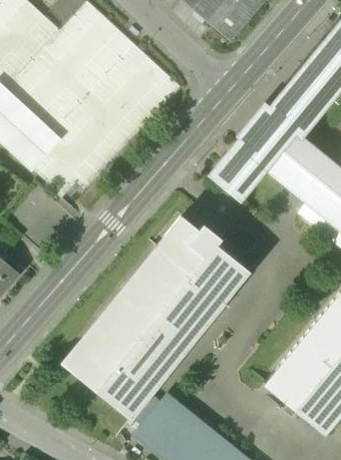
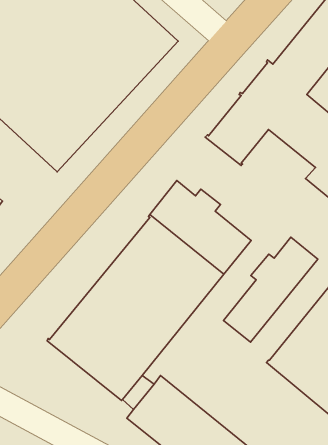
building: none -> [224,237,318,342]

